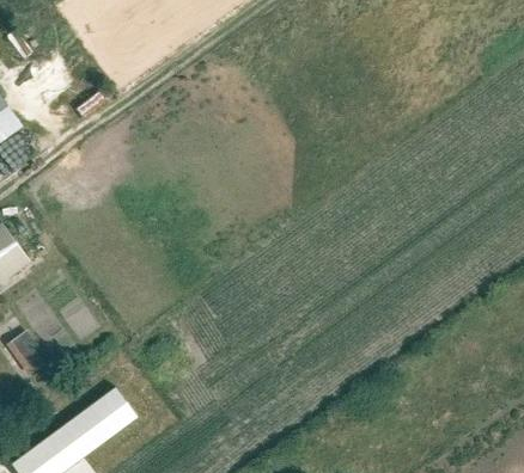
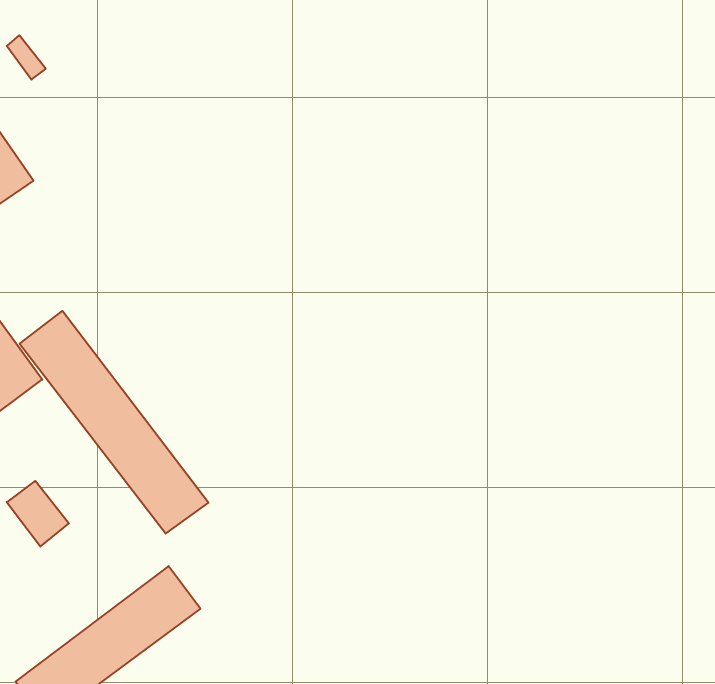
building: none -> [20,311,208,534]

